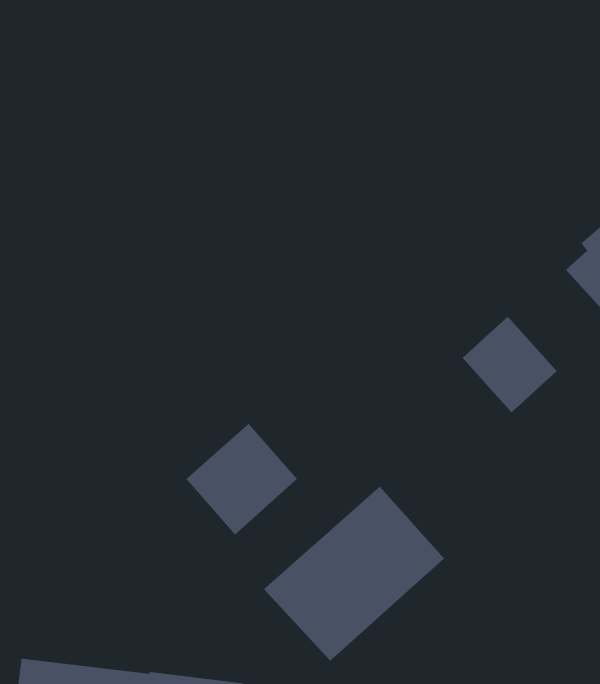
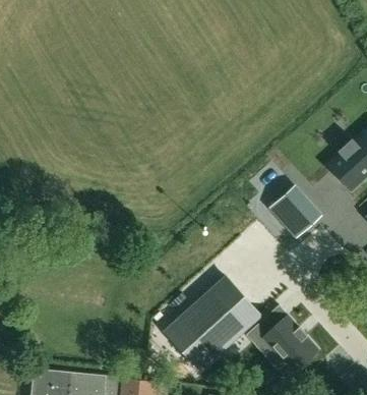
building: [186,423,298,535] -> none
building: none -> [251,317,317,371]

